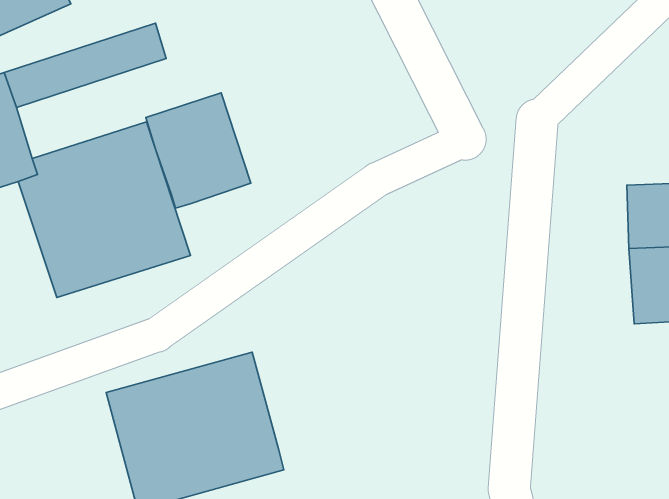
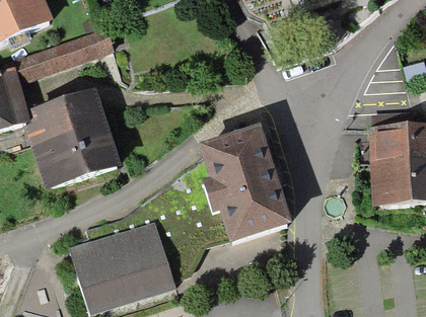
building: [146,93,251,208] -> none
building: none -> [202,132,287,243]

